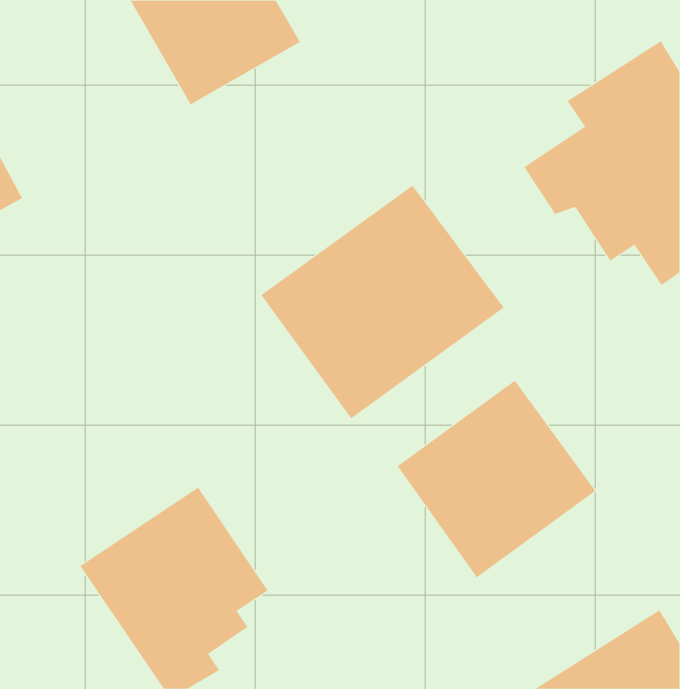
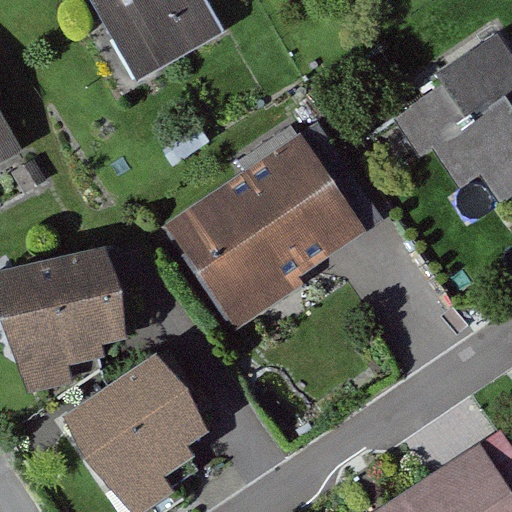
building: none -> [5,249,125,361]
building: [397,380,596,578] -> none

